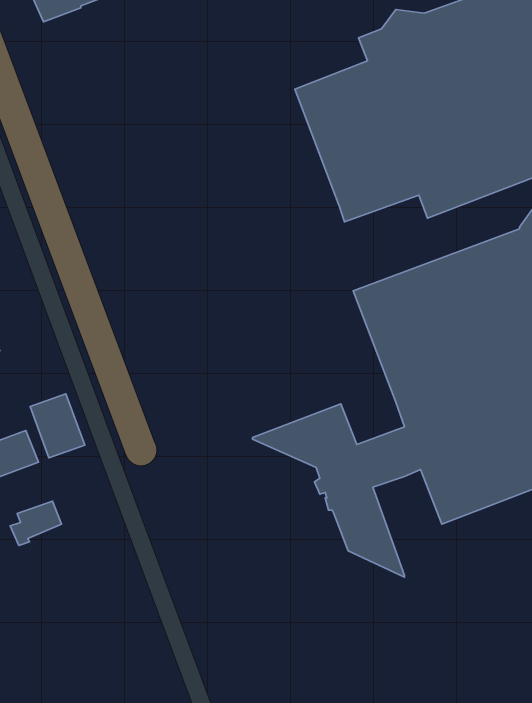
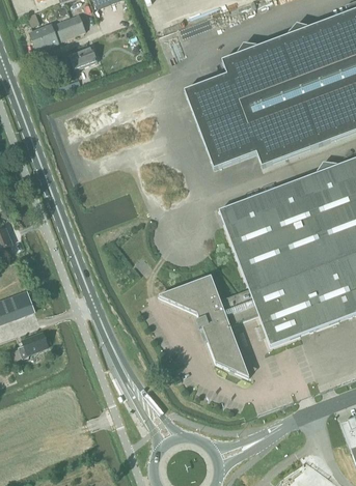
building: none -> [69,46,98,69]
building: [30,394,85,458] -> none

